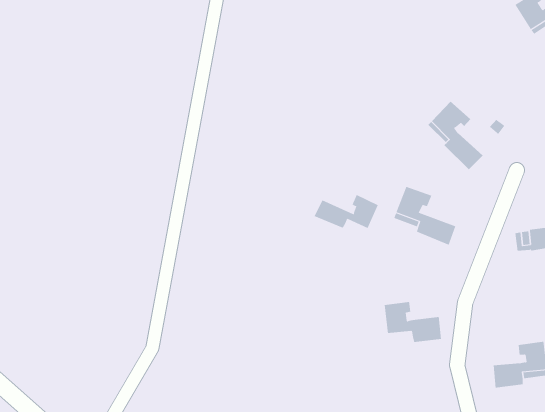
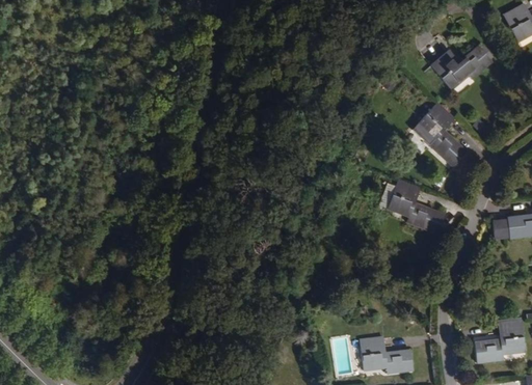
building: none -> [431,49,491,86]
building: [314,194,378,229] -> none
building: [384,302,442,343] -> [357,336,410,374]

